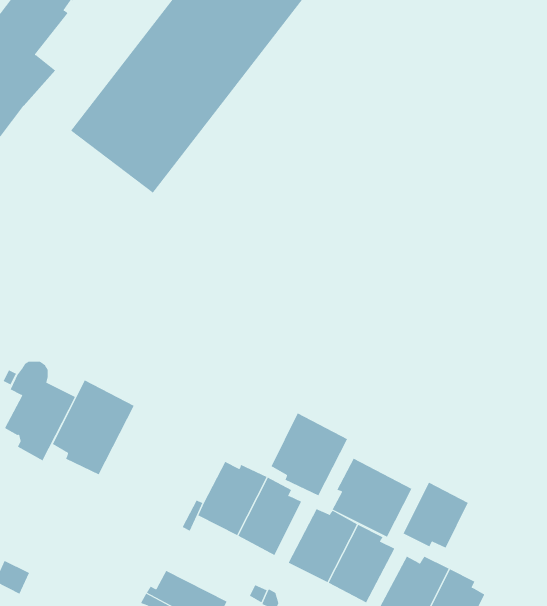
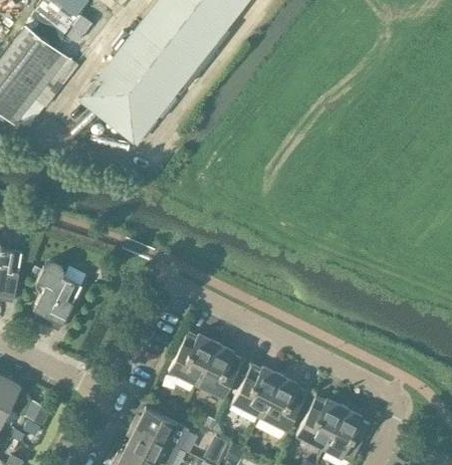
building: [52,379,134,475] -> none
building: [271,413,348,496] -> none
building: [332,458,412,538] -> none
building: [403,482,468,549] -> none

